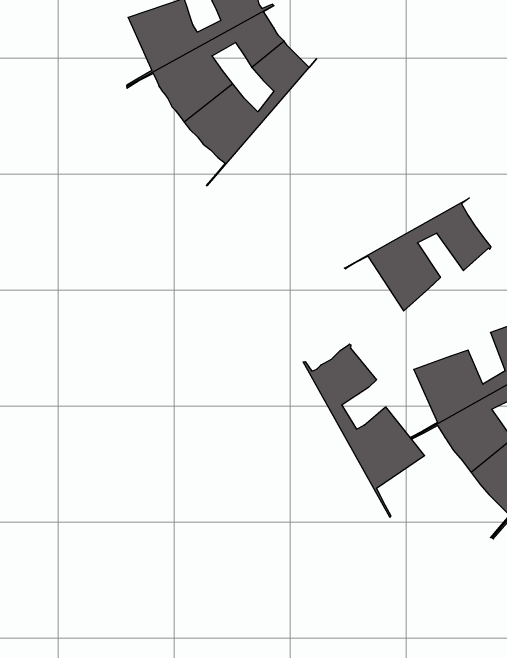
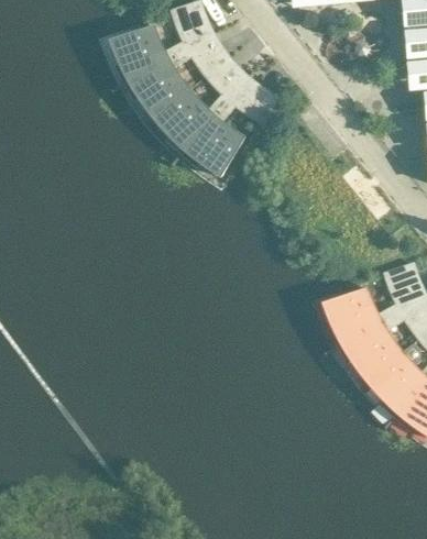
building: none -> [171,70,277,175]
building: [344,198,491,311] -> none
building: [303,344,425,517] -> none

